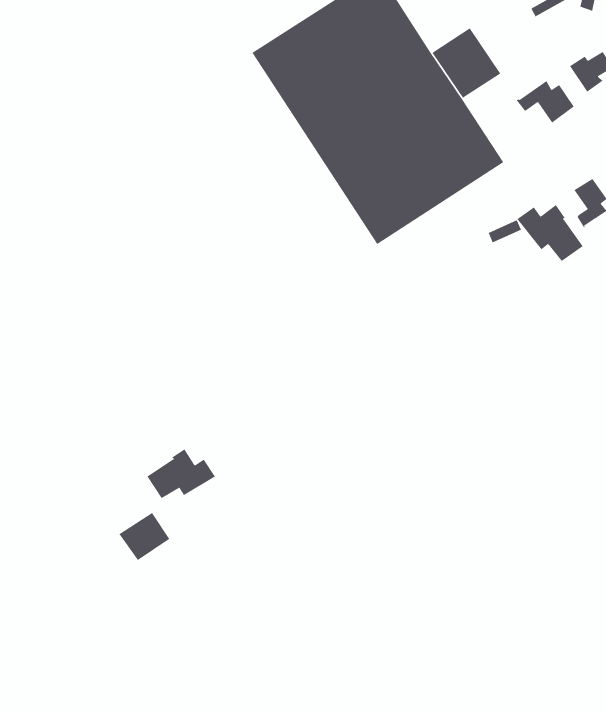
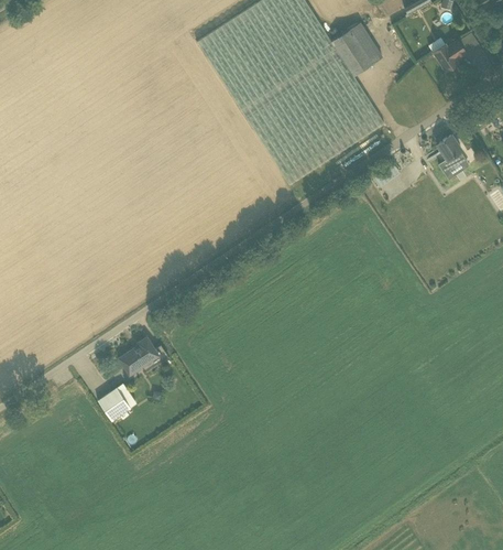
building: [516,80,574,124] -> none
building: [517,204,583,262] -> none

